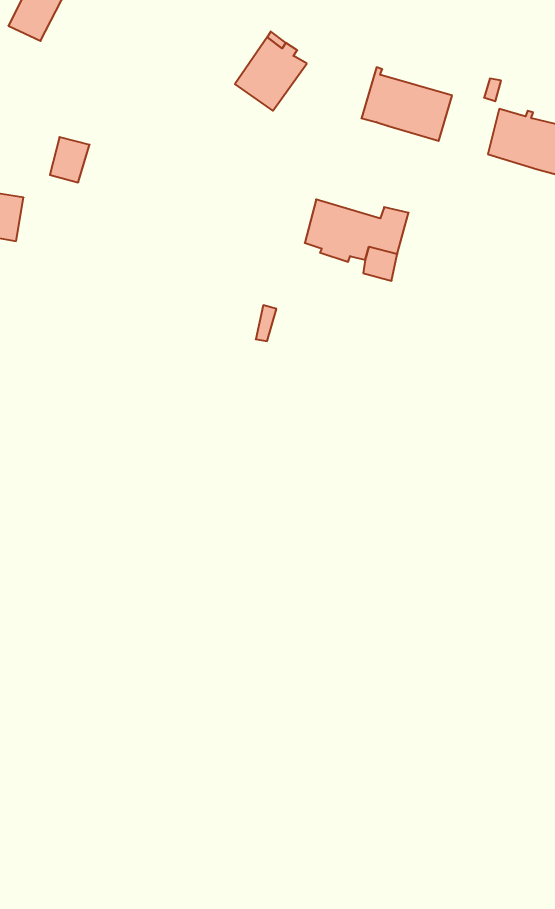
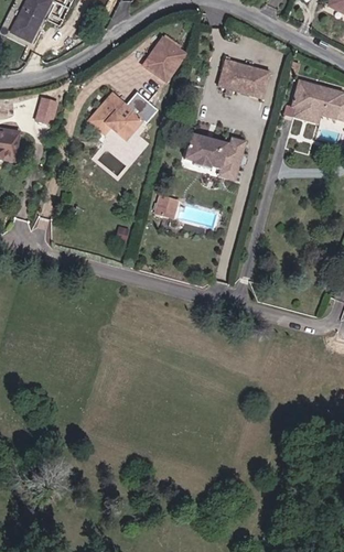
building: none -> [89,91,159,143]

